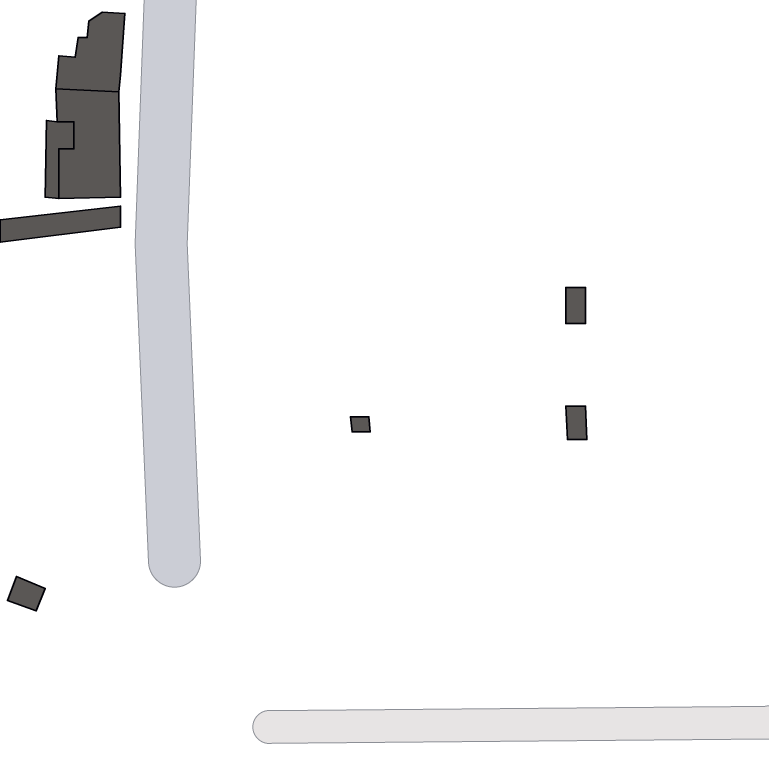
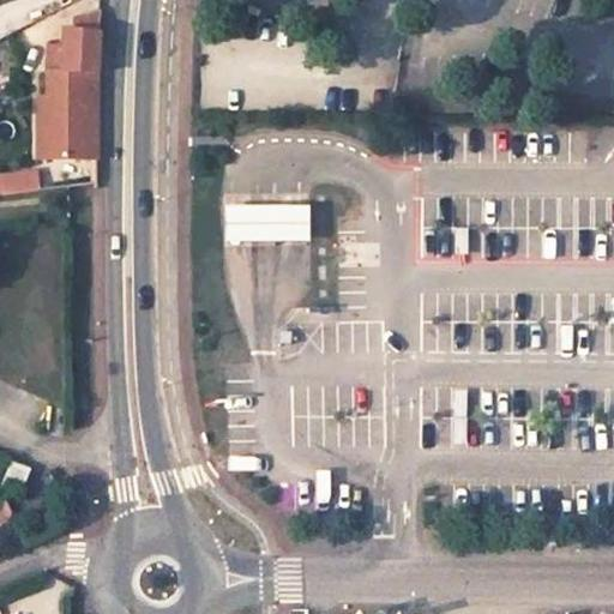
building: none -> [223,205,311,240]

